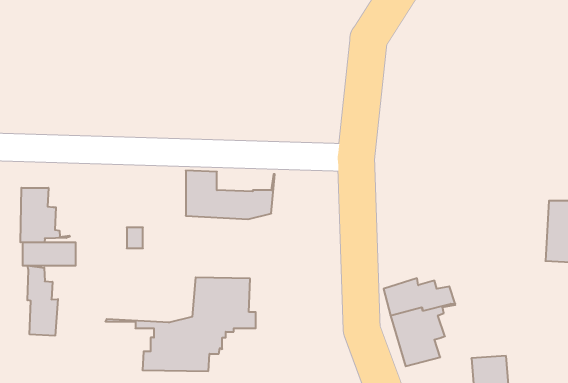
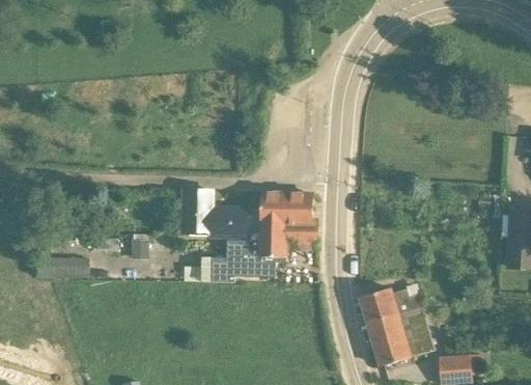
building: [20,188,70,242] -> none
building: [27,266,58,336] -> none
building: [105,277,256,371] -> [183,193,317,277]

